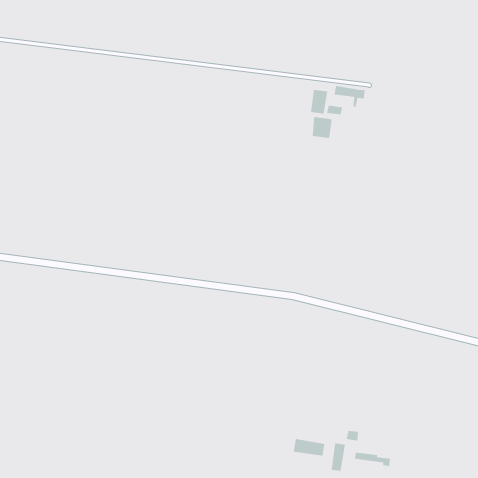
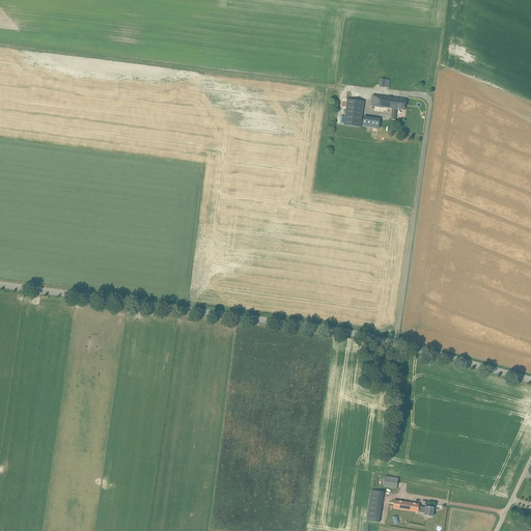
building: [312,116,332,139] -> none
building: [293,438,325,456] -> none

